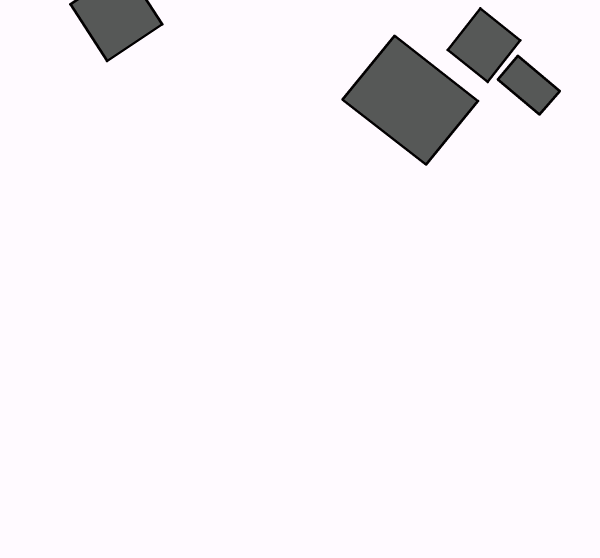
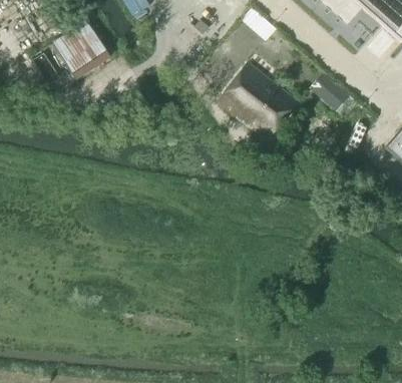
building: [448,8,520,82] -> none

